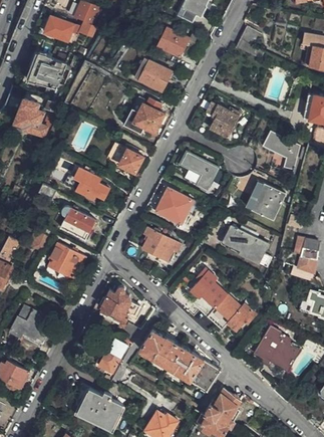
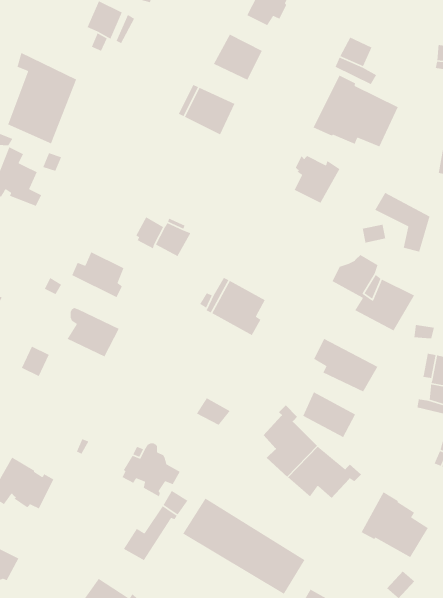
building: [43,17,73,43] -> none
building: none -> [312,74,399,148]
building: [123,96,164,135] -> none
building: [176,151,219,191] -> none
building: [142,228,183,263] -> none
building: [49,241,87,280] -> none
building: none -> [302,391,356,438]

